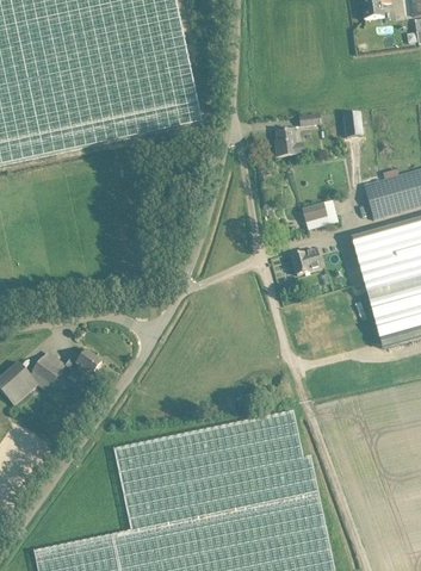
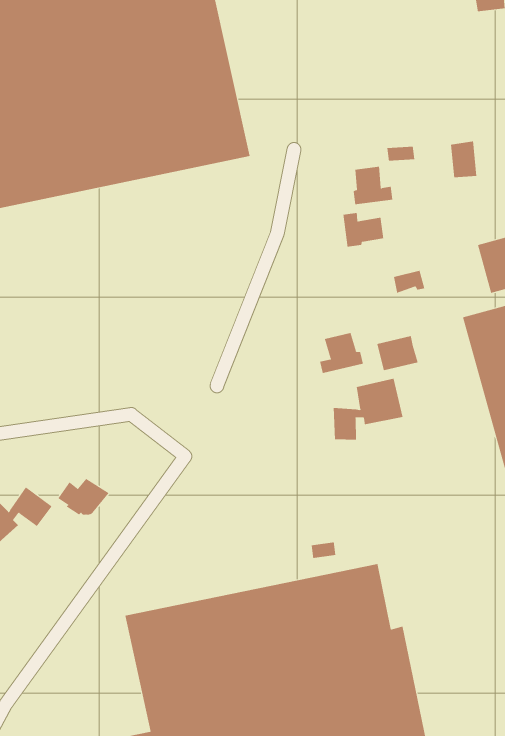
building: none -> [343,212,384,248]
building: none -> [319,332,364,374]
building: none -> [333,378,403,440]

